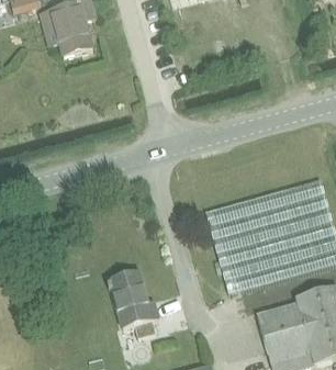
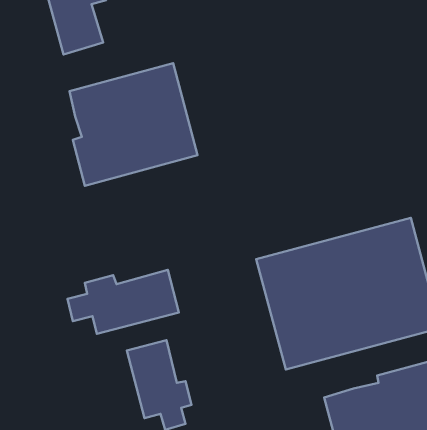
building: none -> [69,63,198,186]
building: none -> [68,270,179,334]

